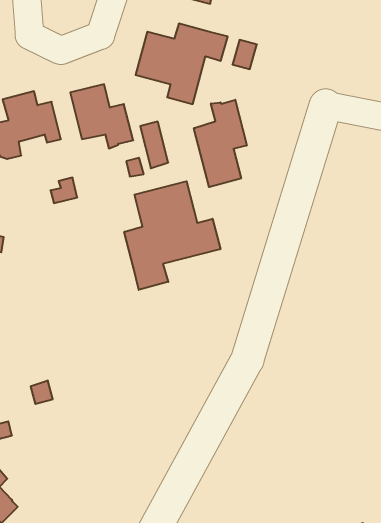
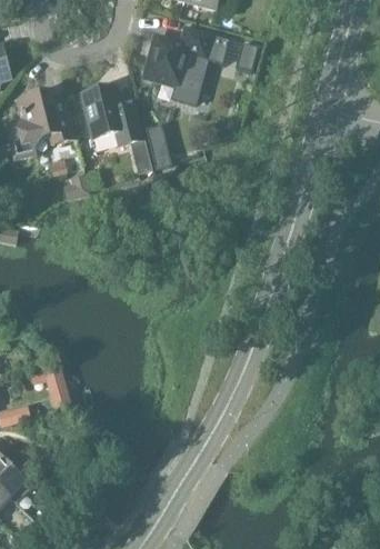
building: [194,100,247,187] -> none
building: [124,181,220,290] -> none

